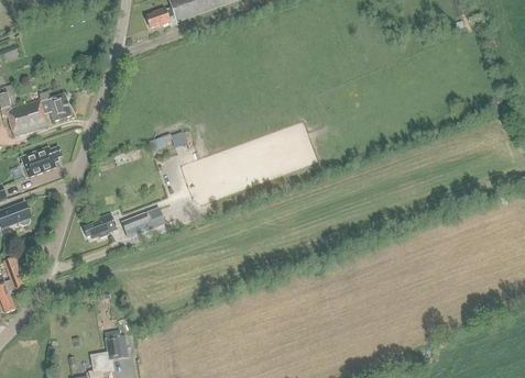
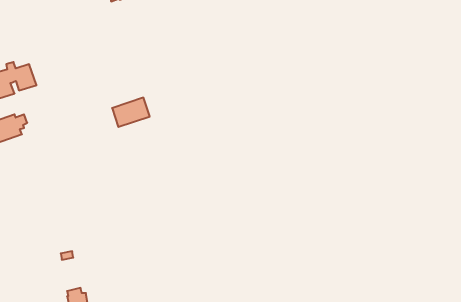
building: [122,208,164,236] -> none
building: [83,213,116,237] -> none

